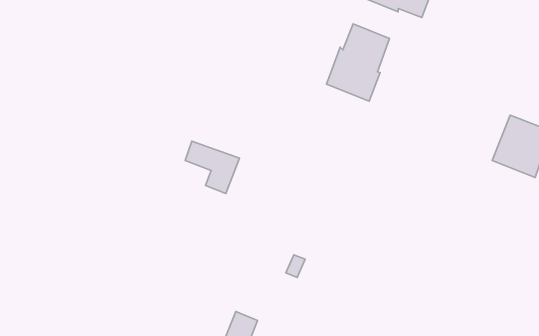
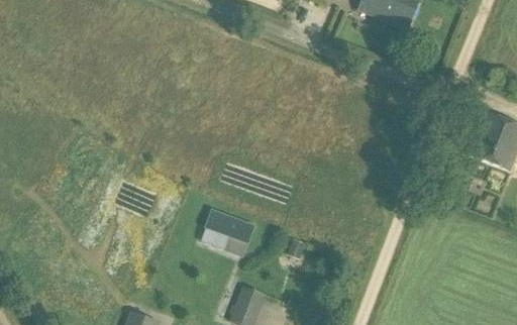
building: [326,24,390,101] -> none
building: [185,141,240,193] -> [206,208,254,254]

